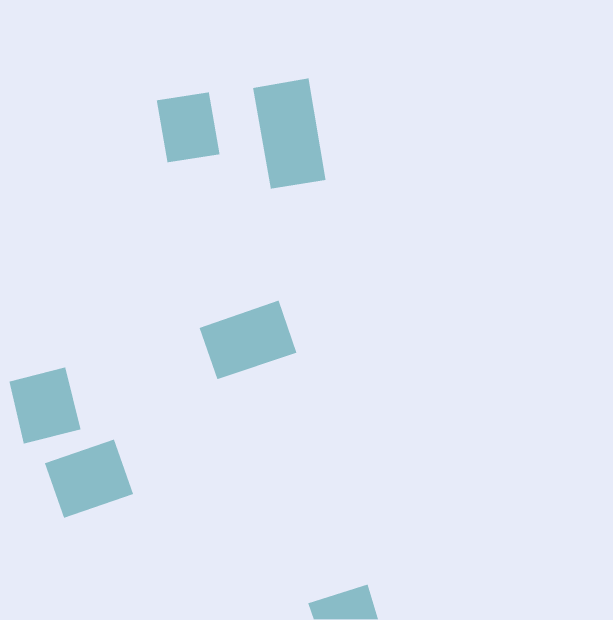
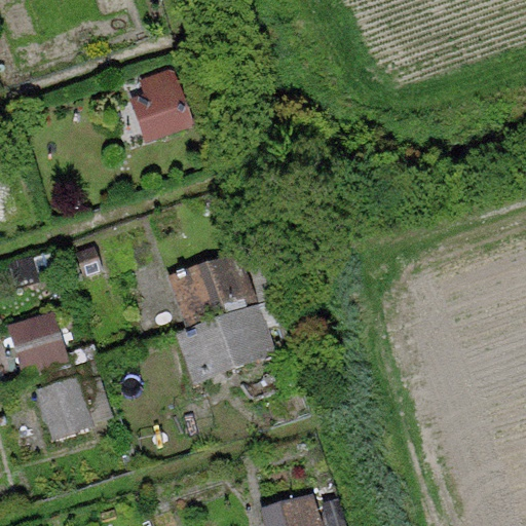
building: [252,78,326,190] -> none
building: none -> [179,307,275,378]

